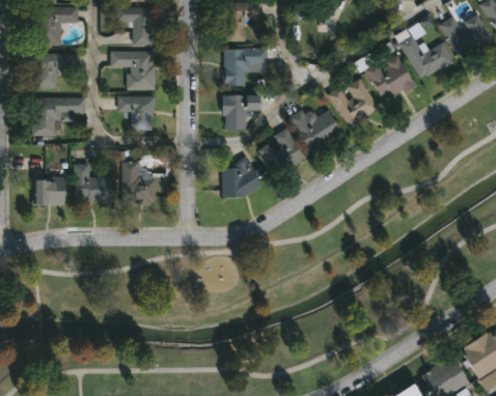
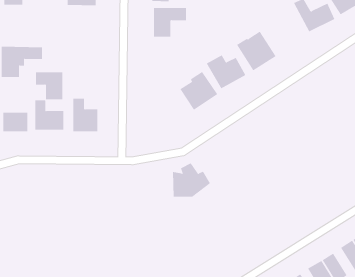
building: [112,50,156,89] -> none
building: [367,52,416,102] -> none
building: [36,53,74,87] -> none
building: [119,95,155,131] -> [35,72,63,100]
building: [224,95,263,130] -> none
building: [221,155,270,199] -> [172,163,211,197]

